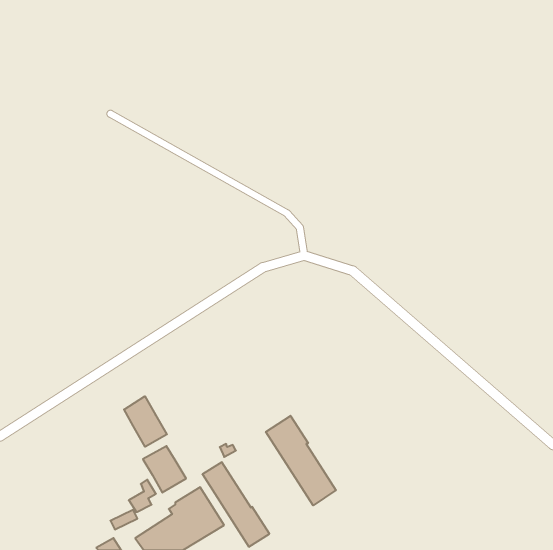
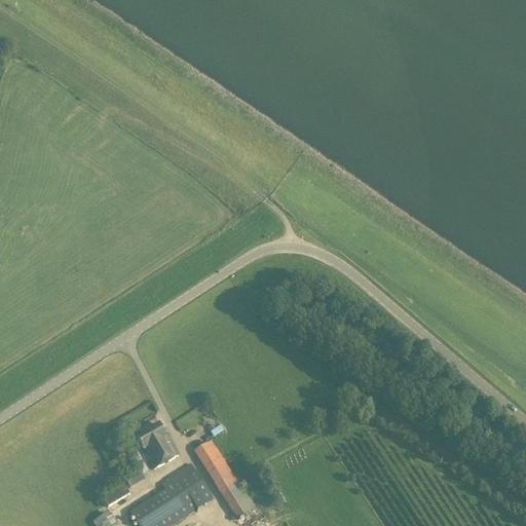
building: [124,396,167,447] -> none
building: [266,416,336,505] -> none

